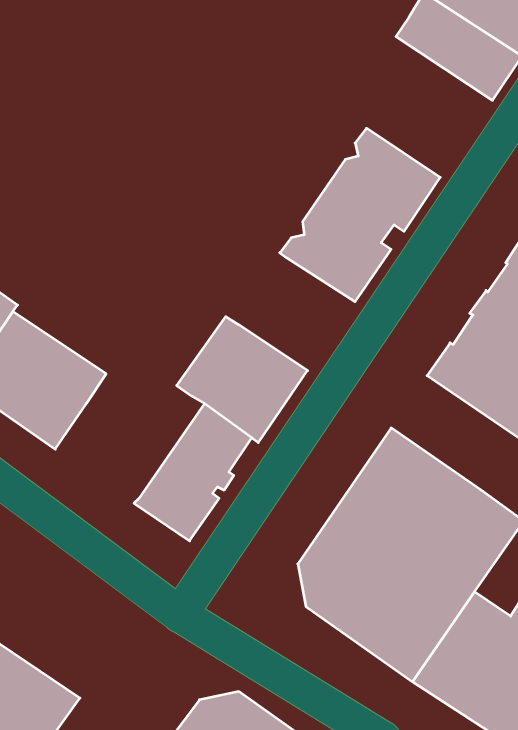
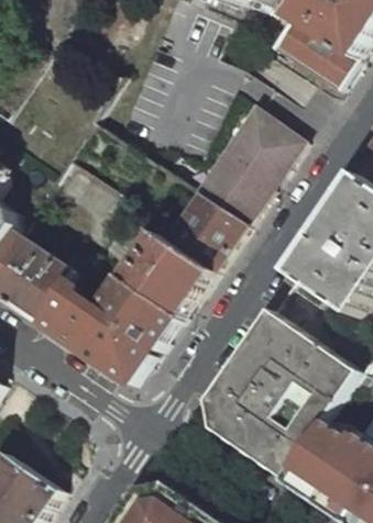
building: none -> [165,194,243,270]
building: none -> [42,278,142,359]

